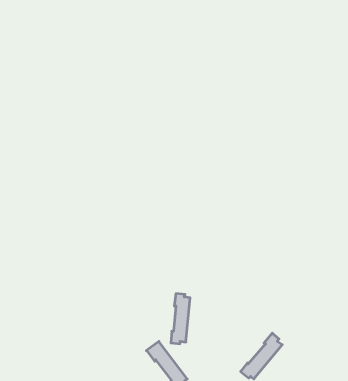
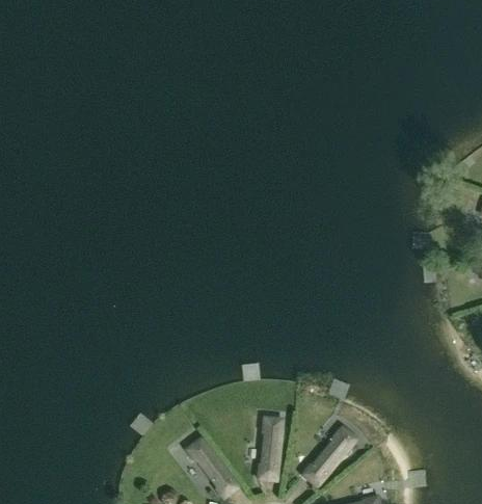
building: [171,294,190,344] -> [259,418,283,480]

